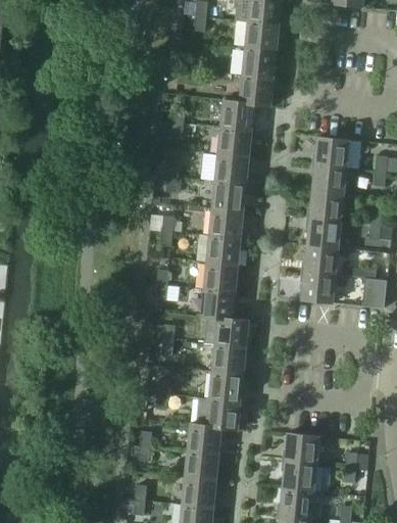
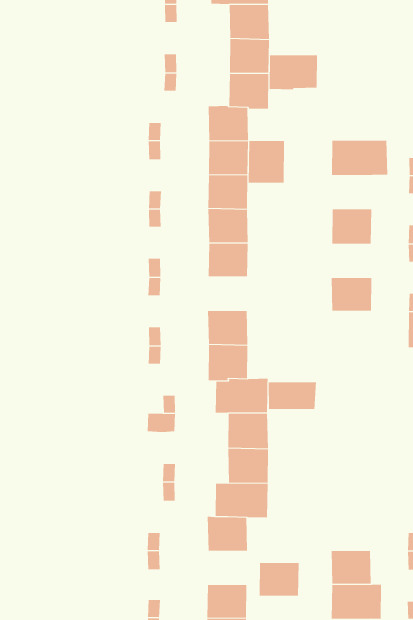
building: none -> [269,55,317,90]
building: none -> [248,140,285,183]
building: [311,164,346,194] -> none
building: [305,219,340,248] -> none
building: [205,235,240,265] -> none
building: [300,272,335,303] -> none
building: none -> [268,381,316,410]
building: [284,433,318,464] -> none
building: [184,451,218,481] -> [259,563,299,596]

